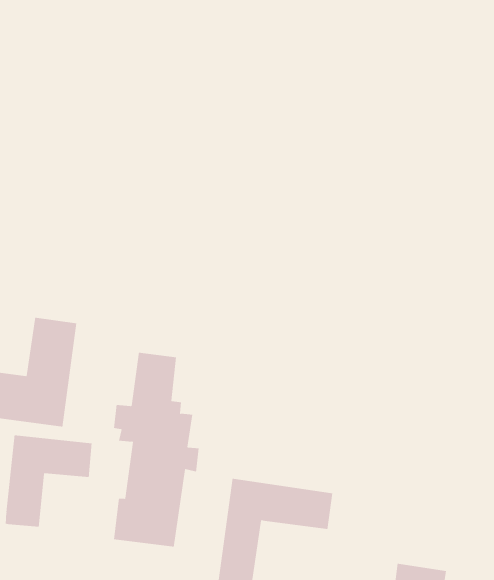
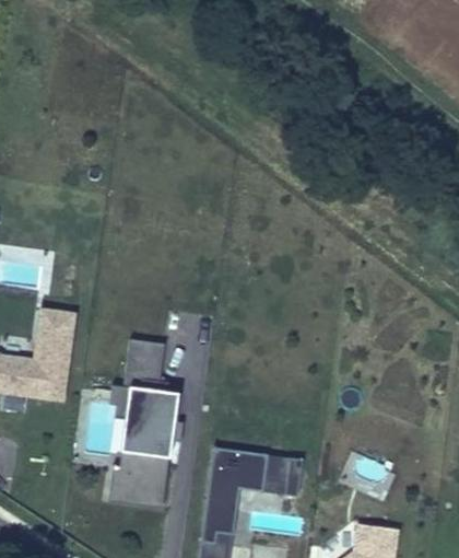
building: [5,435,92,527] -> none

